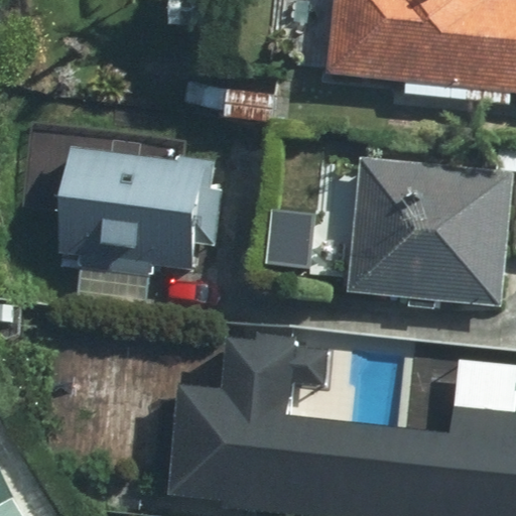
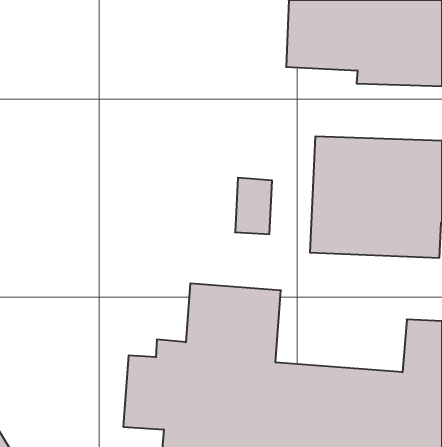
building: [68,144,219,278] -> none

